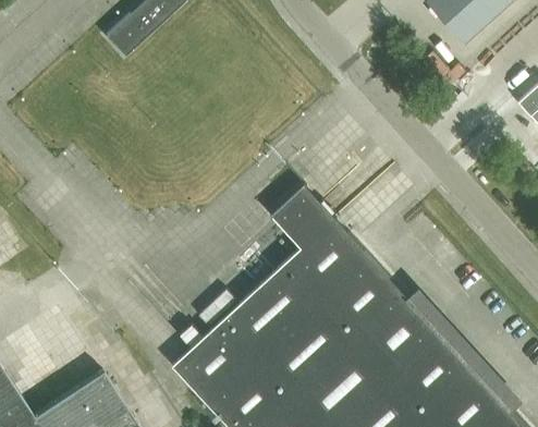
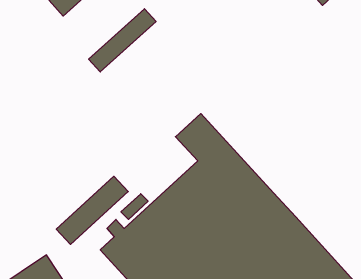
building: none -> [89,9,156,72]
building: none -> [56,176,128,244]

